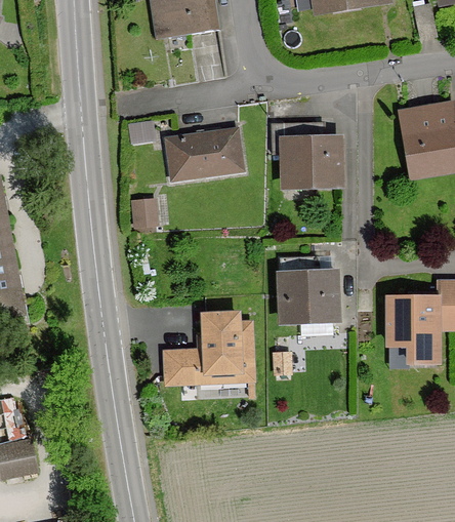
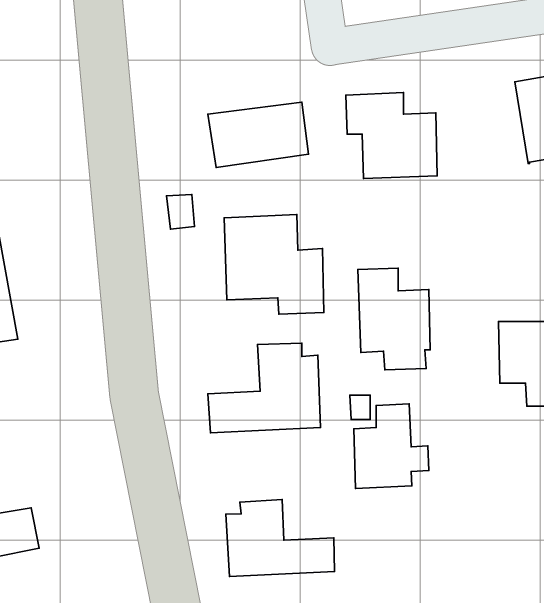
building: none -> [224,214,324,314]
building: none -> [354,404,429,488]
building: none -> [226,500,335,576]

